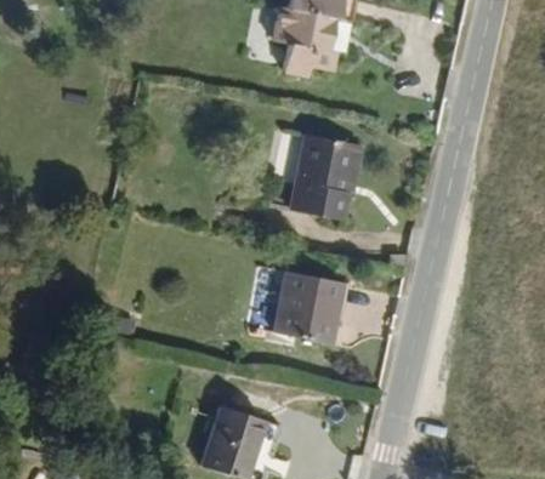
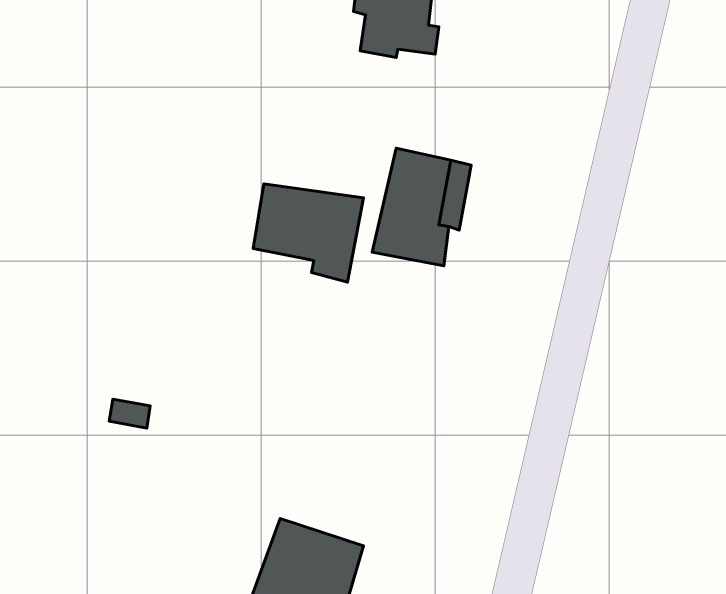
building: none -> [253,184,363,282]
building: [277,273,342,344] -> none

